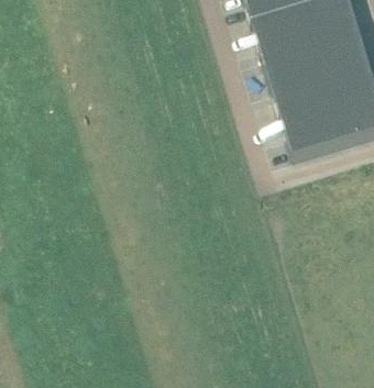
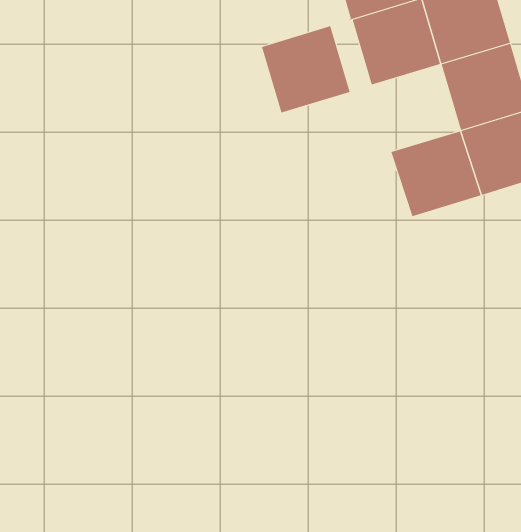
building: [267,58,328,118] -> [261,26,350,113]

